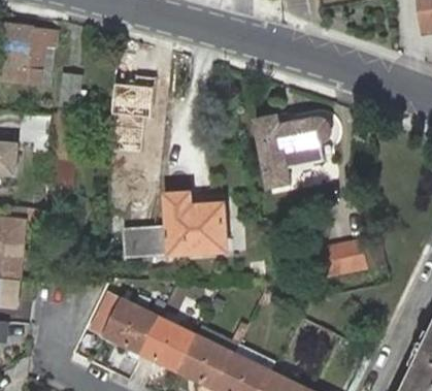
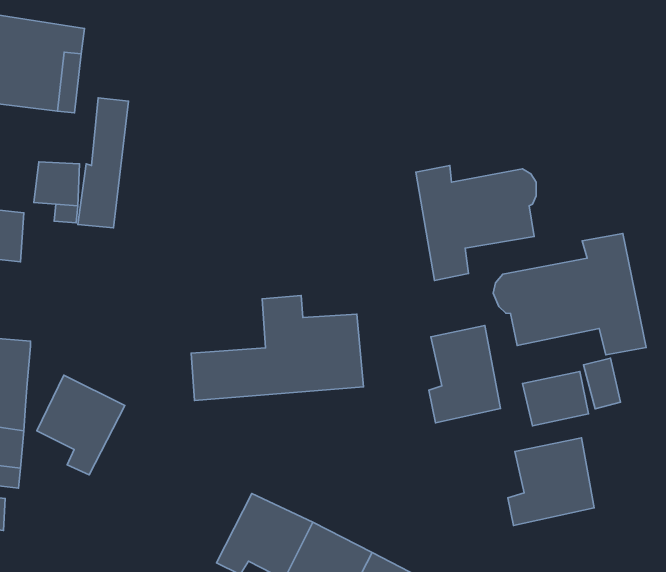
building: none -> [493,234,646,355]
building: none -> [429,326,501,423]
building: none -> [508,438,594,525]
building: [102,295,156,356] -> [37,375,125,475]

